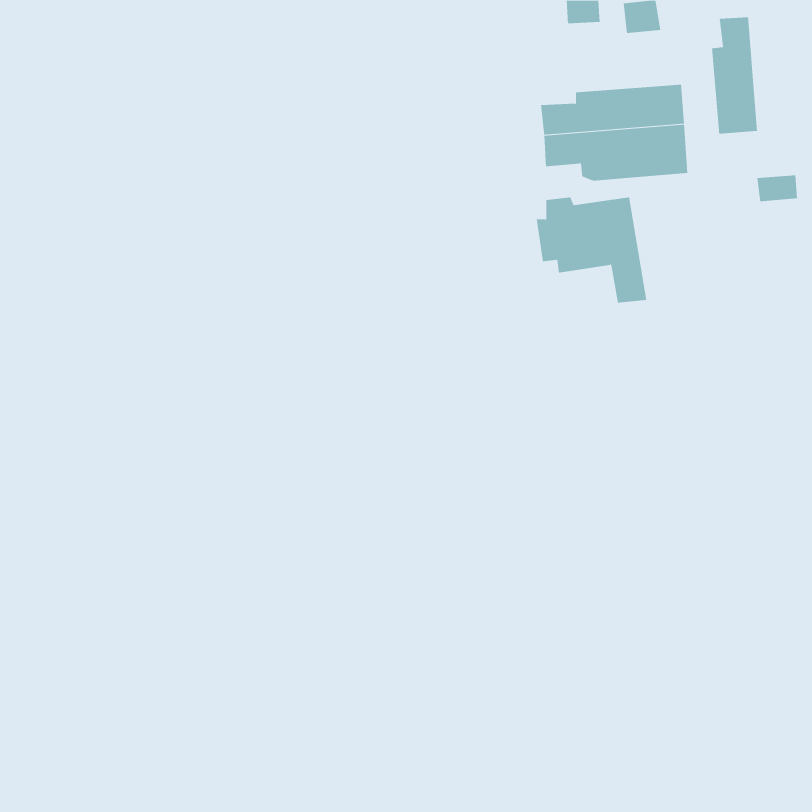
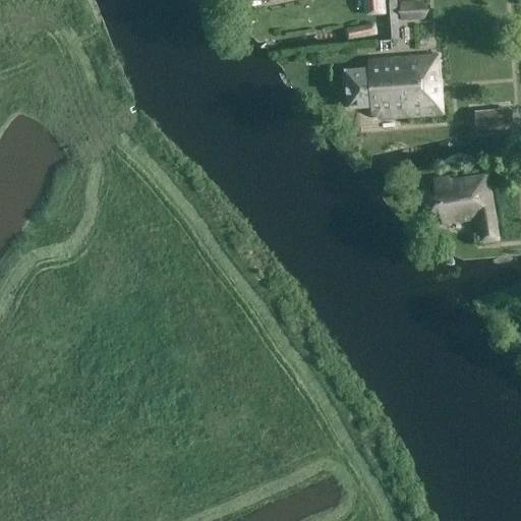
building: [712,16,758,135] -> none
building: [536,197,647,303] -> [427,174,499,242]

